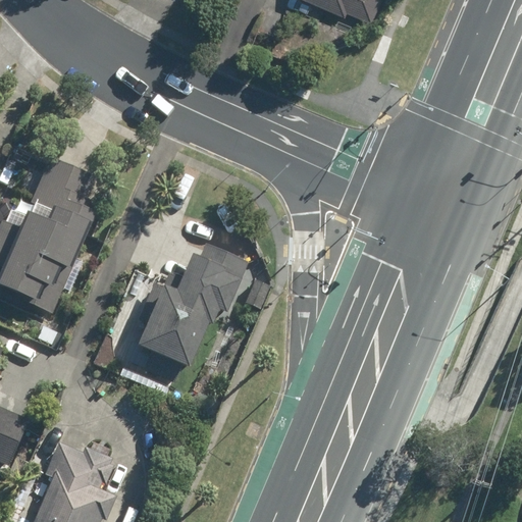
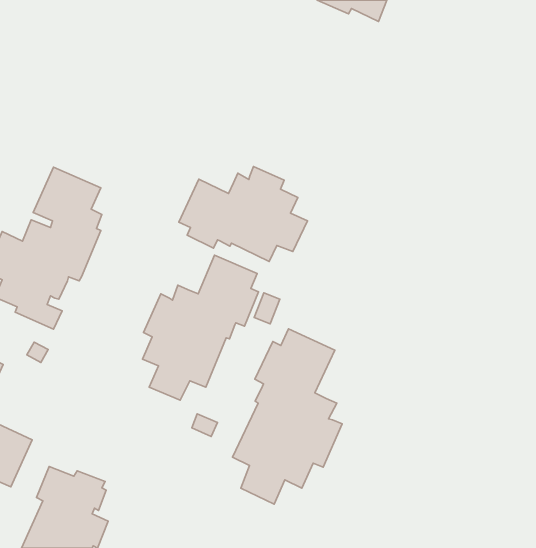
building: none -> [179,167,307,261]
building: none -> [233,329,342,504]

